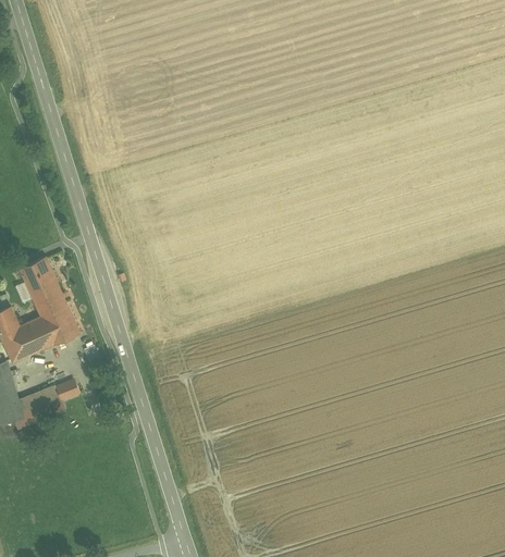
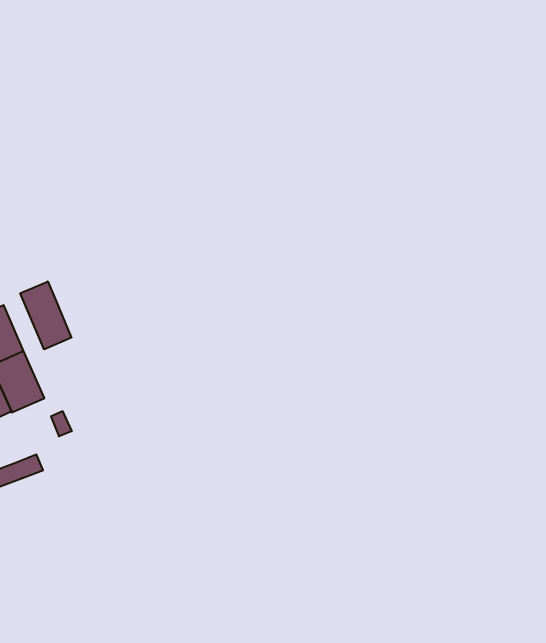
building: none -> [20,281,72,349]

